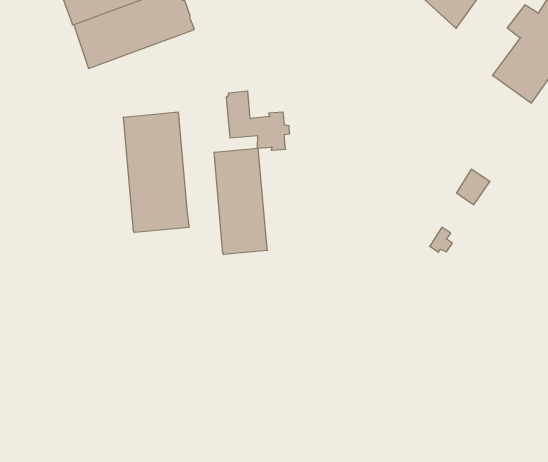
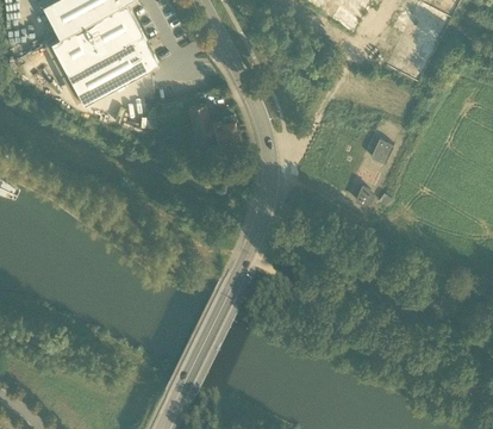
building: [124,112,189,233] -> none
building: [214,148,267,255] -> none

